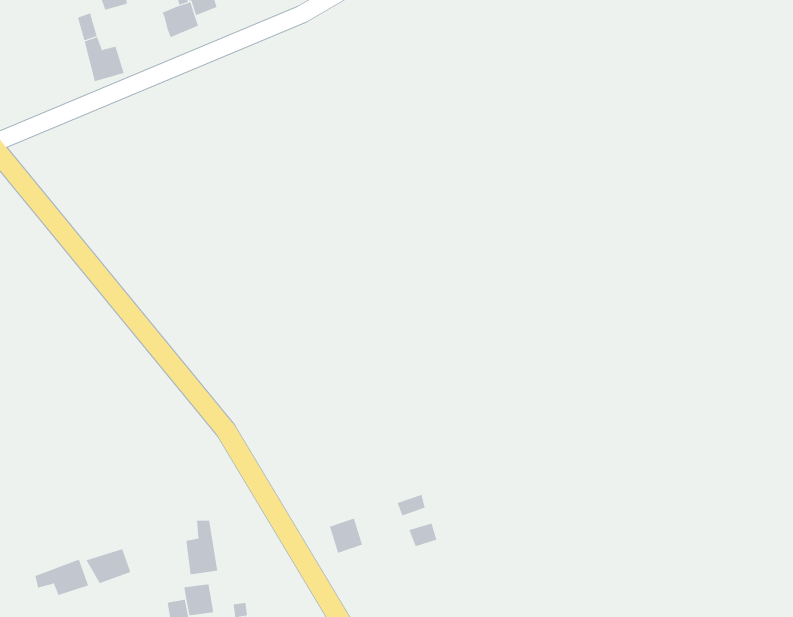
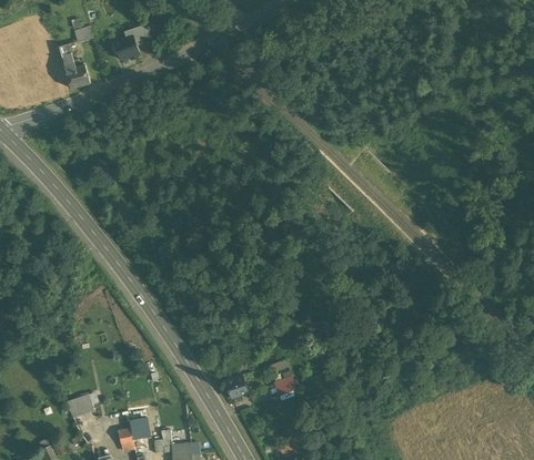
building: [186,520,218,575] -> none
building: [35,559,89,596] -> none

